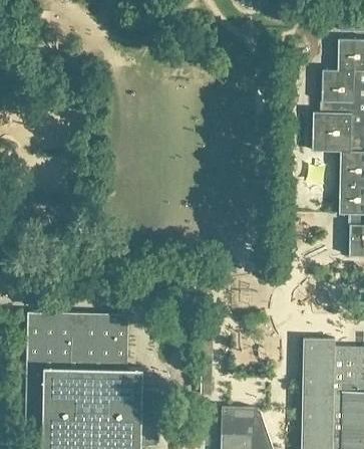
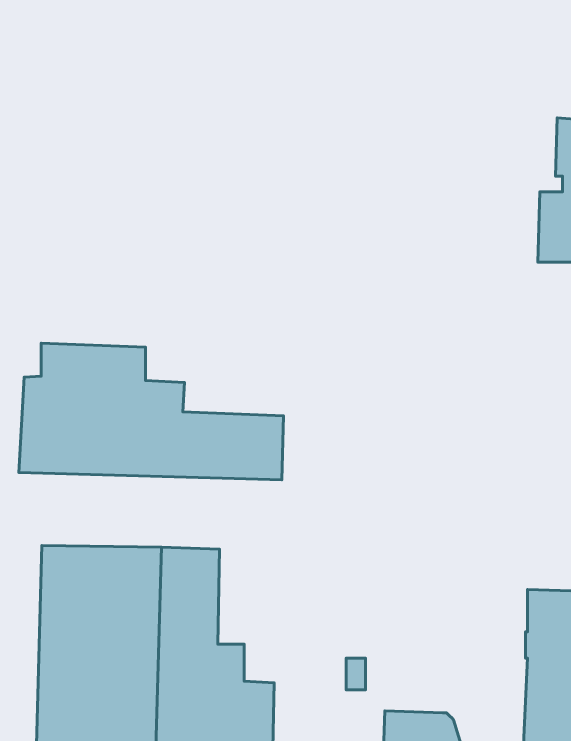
building: none -> [19,343,284,480]

